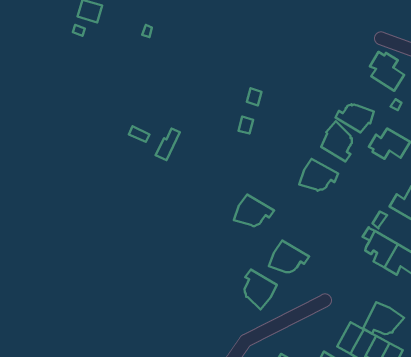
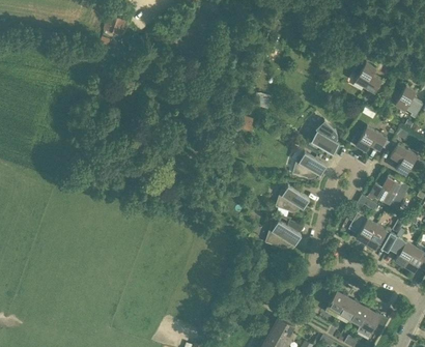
building: [335,104,374,133] -> none
building: [234,194,274,226] -> [276,185,310,212]
building: [245,269,277,309] -> none
building: [363,302,404,334] -> none

